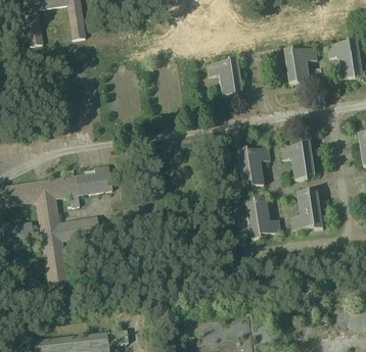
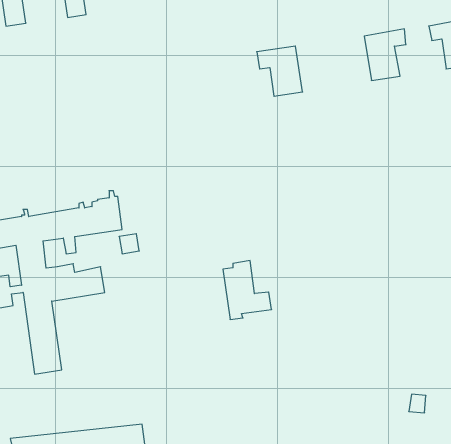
building: [279,140,314,180] -> none
building: [236,147,268,186] -> none
building: [289,190,322,229] -> none
building: [244,196,279,238] -> [223,261,272,319]

